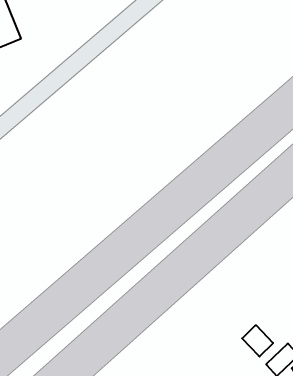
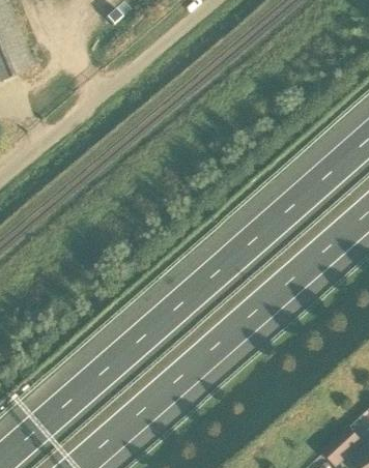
building: [242,325,273,357] -> none

